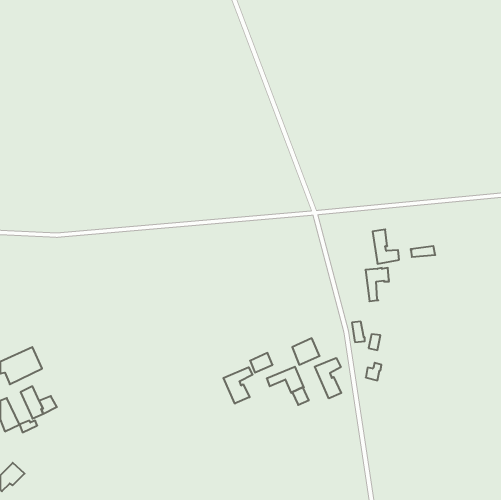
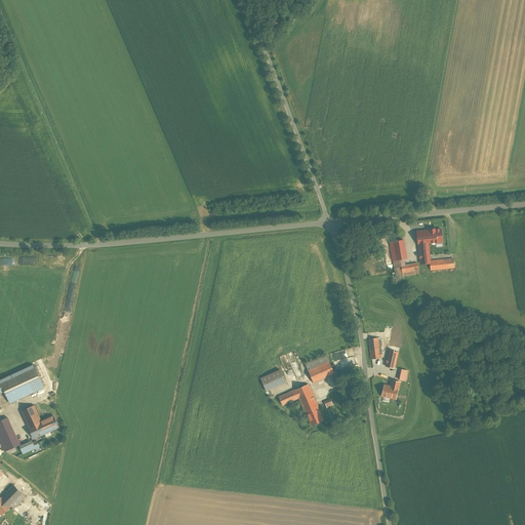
building: [365,268,389,301] -> [417,228,442,262]
building: [315,358,341,398] -> none
building: [223,367,253,404] -> none

